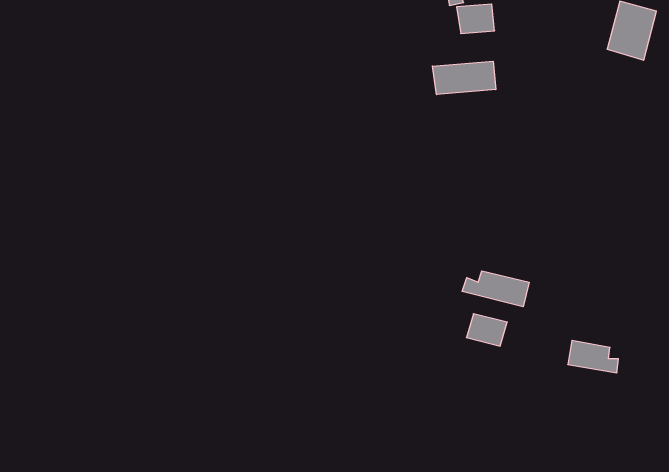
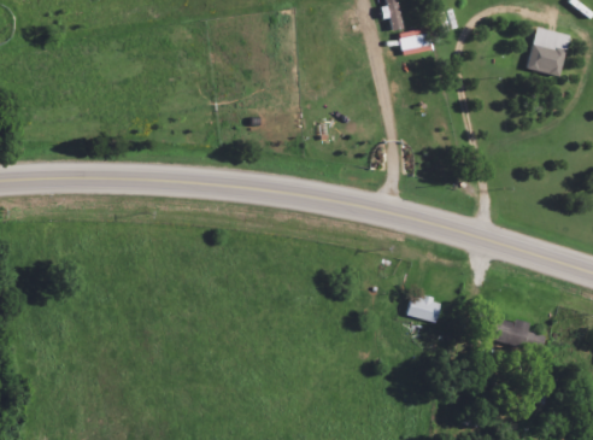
building: [432,61,496,95] -> none
building: [462,271,529,307] -> none

